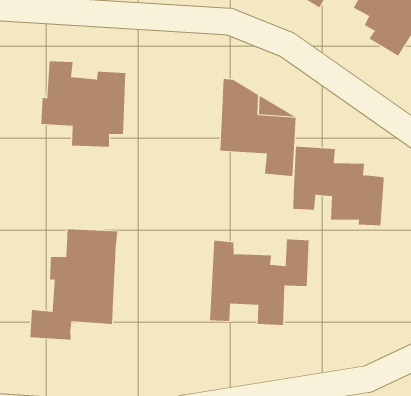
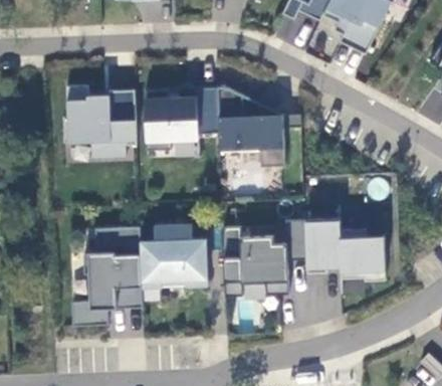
building: none -> [145,86,219,149]
building: [293,146,385,226] -> [304,217,385,280]
building: none -> [140,223,207,286]

